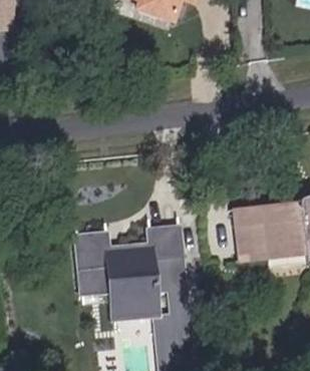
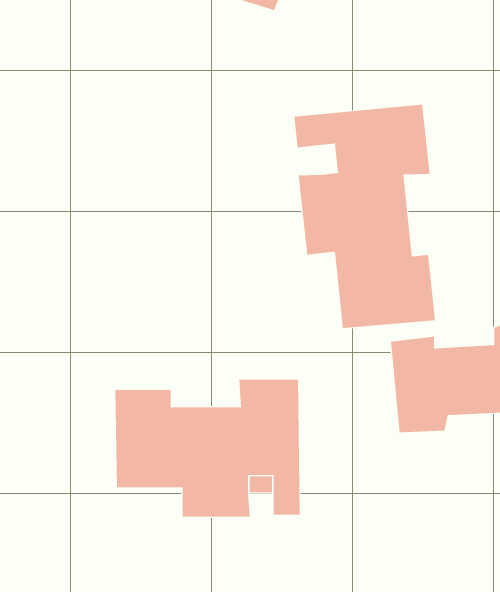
building: none -> [294,104,435,329]

